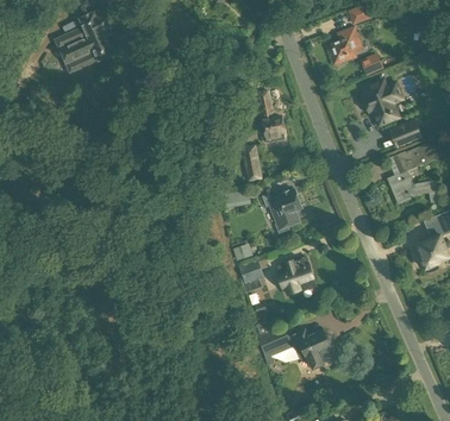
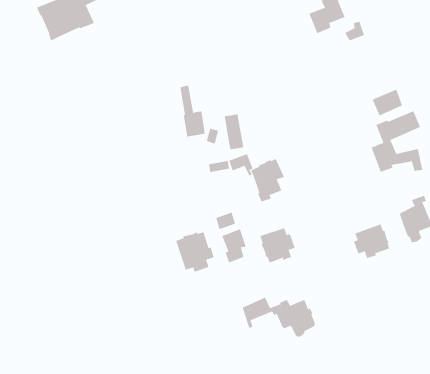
building: [362,80,401,125] -> none
building: [258,90,285,143] -> [179,85,206,137]
building: none -> [353,224,390,259]
building: none -> [176,231,214,272]

